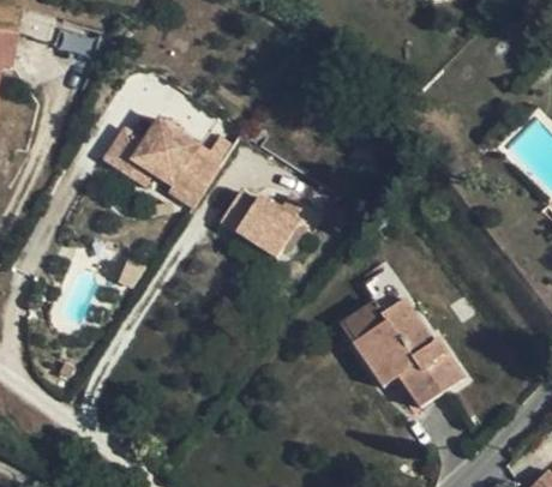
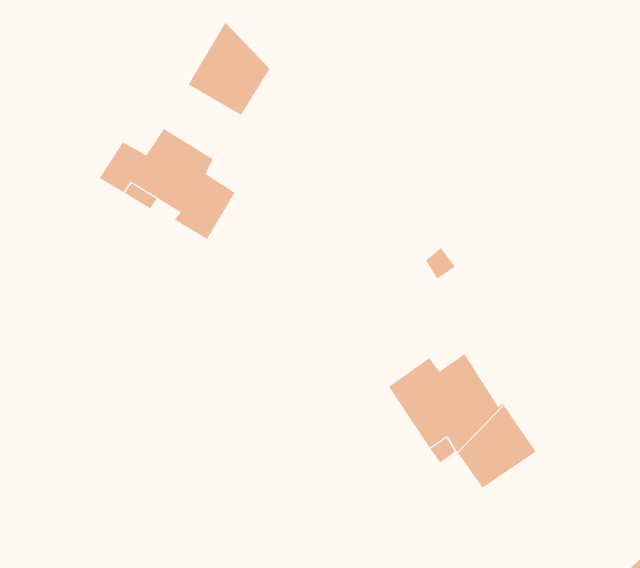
building: none -> [188,22,270,116]
building: [220,190,314,257] -> none

